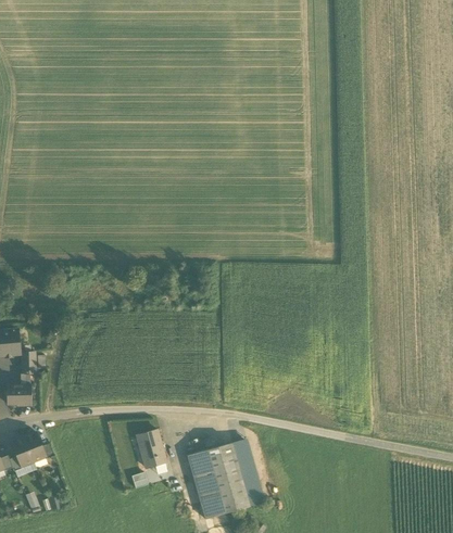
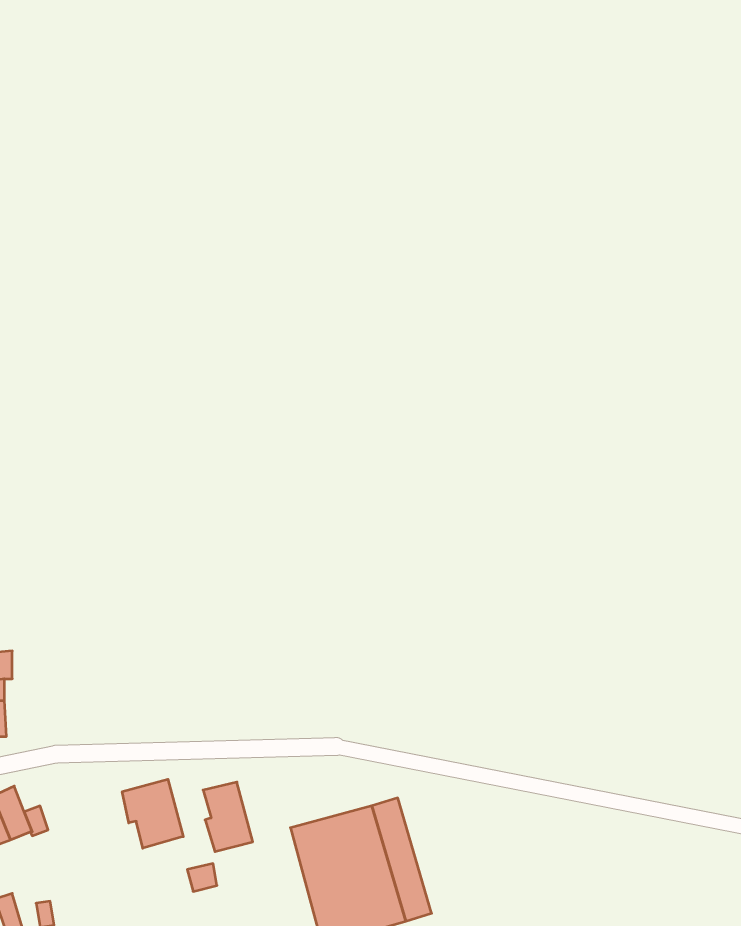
building: none -> [122,779,183,848]

